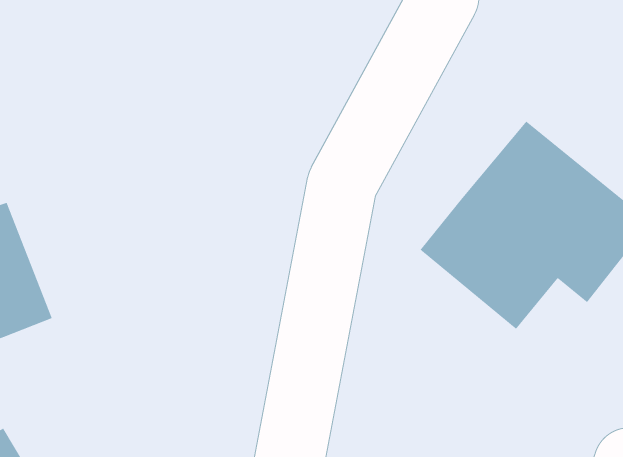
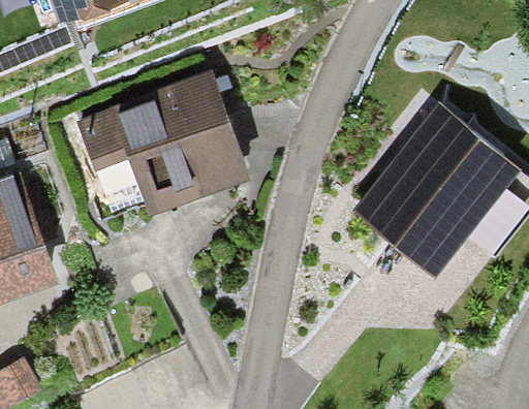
building: none -> [89,75,244,200]

